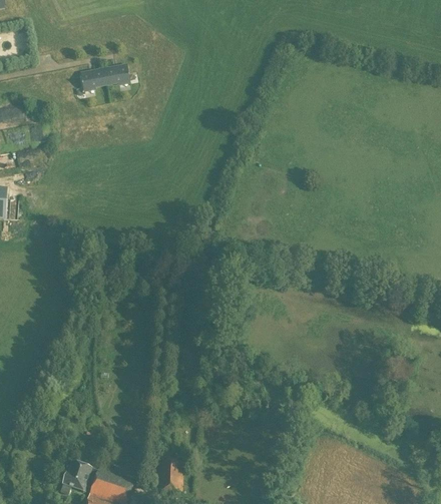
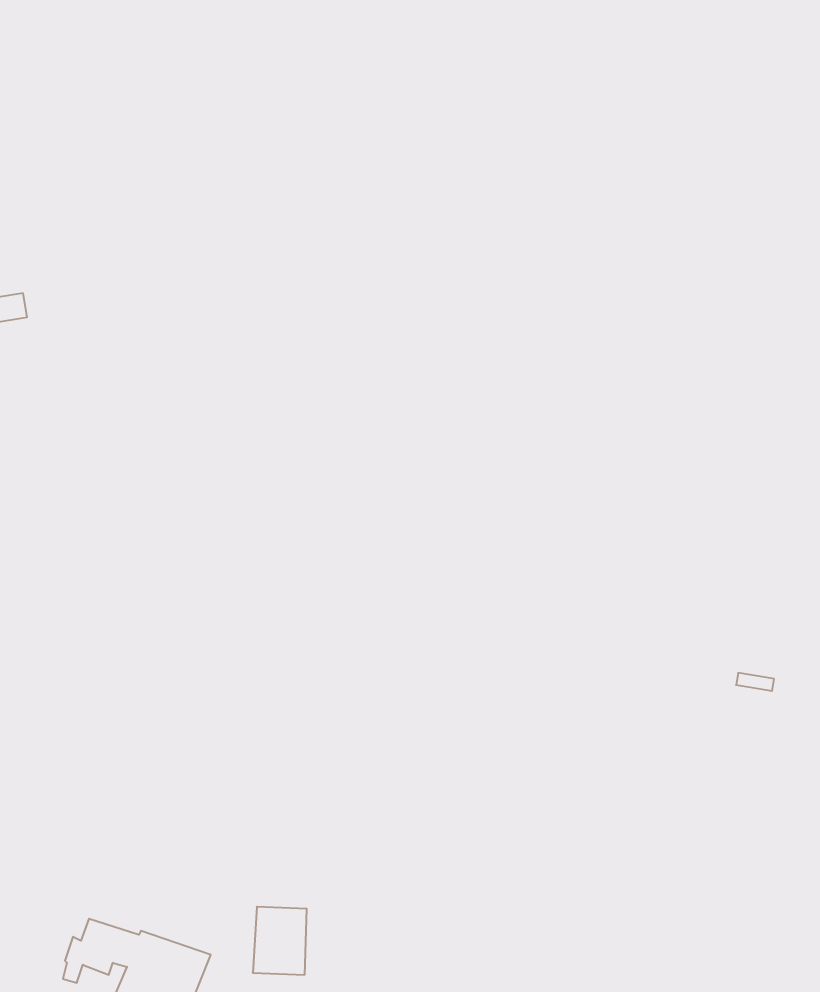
building: [79,62,129,91] -> none

